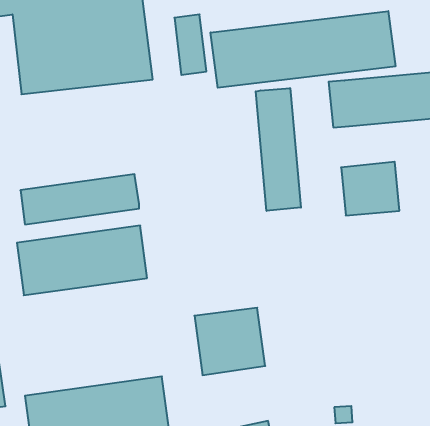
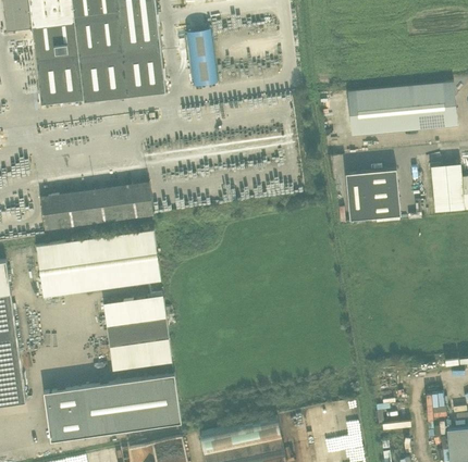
building: [211,11,395,88] -> none
building: [256,88,301,211] -> none
building: [194,308,265,375] -> [103,300,171,364]

